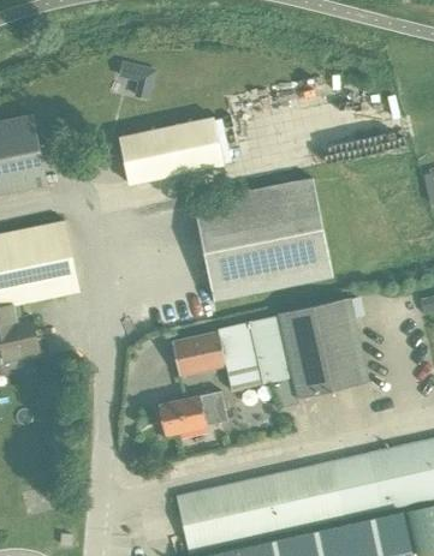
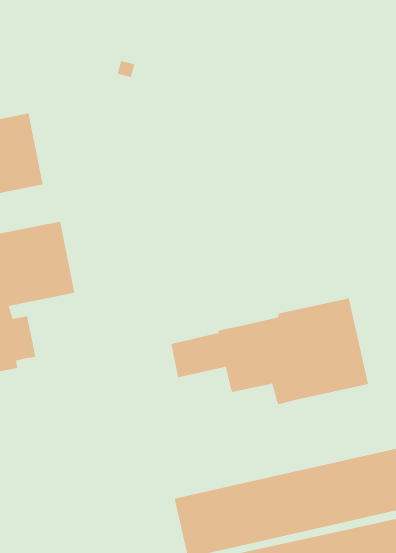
building: [120,116,224,184] -> none
building: [194,178,333,300] -> none
building: [157,390,227,435] -> none

